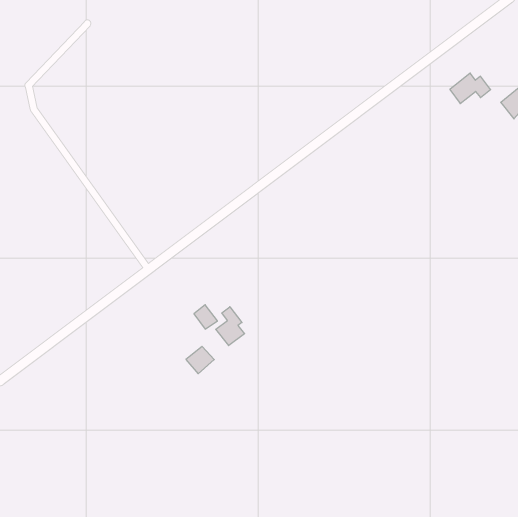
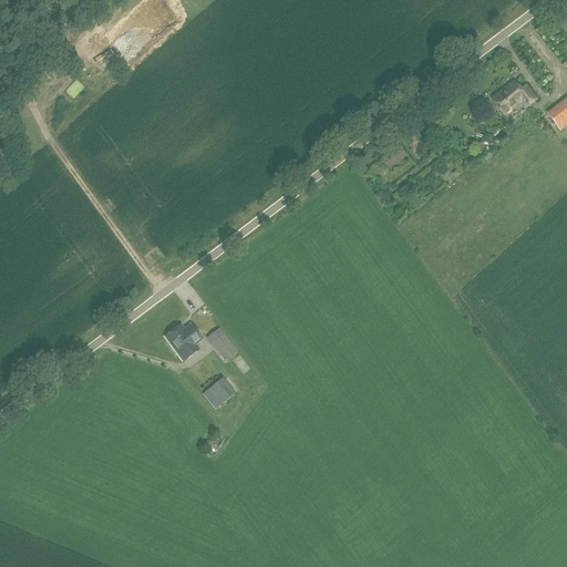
building: none -> [166,322,204,360]
building: [216,307,245,346] -> none

